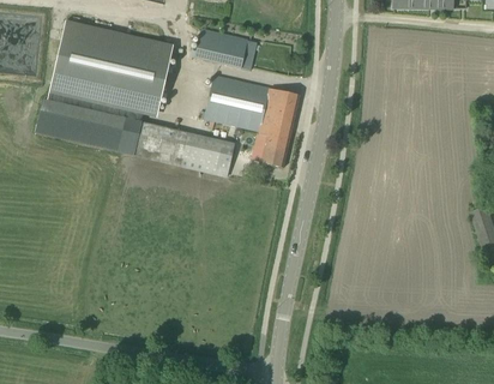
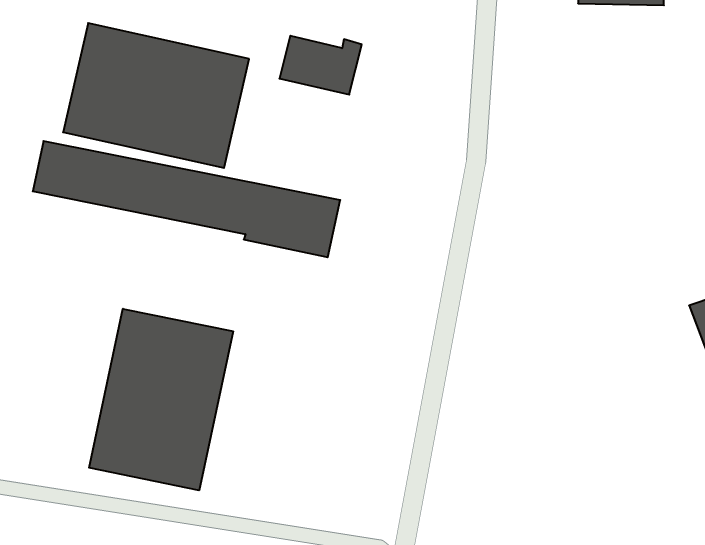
building: [204,73,300,167] -> none
building: none -> [89,309,233,490]

